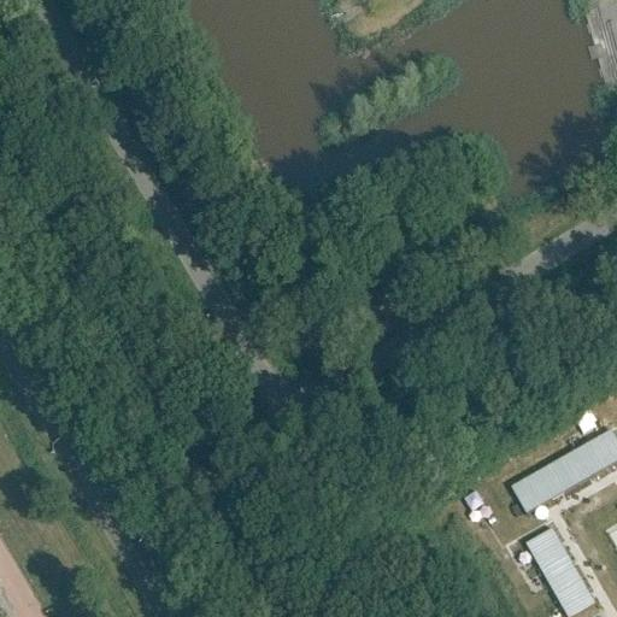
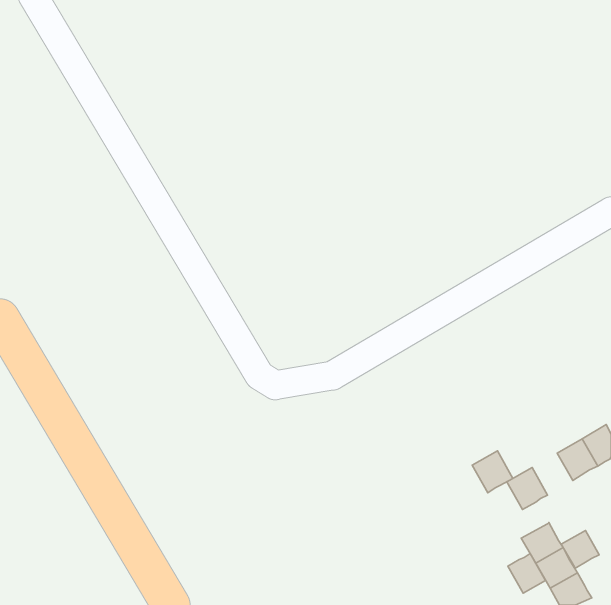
building: [536,457,577,499] -> [472,451,513,493]
building: none -> [561,530,599,568]
building: none -> [508,554,546,593]

